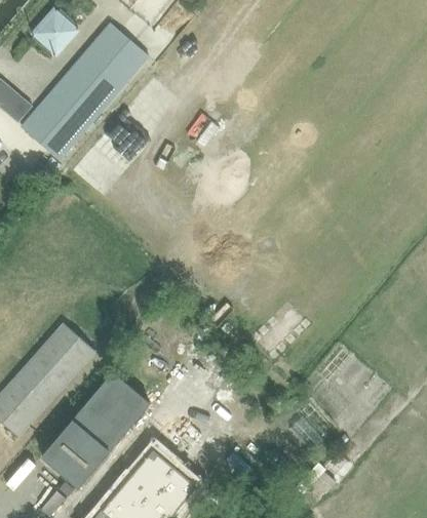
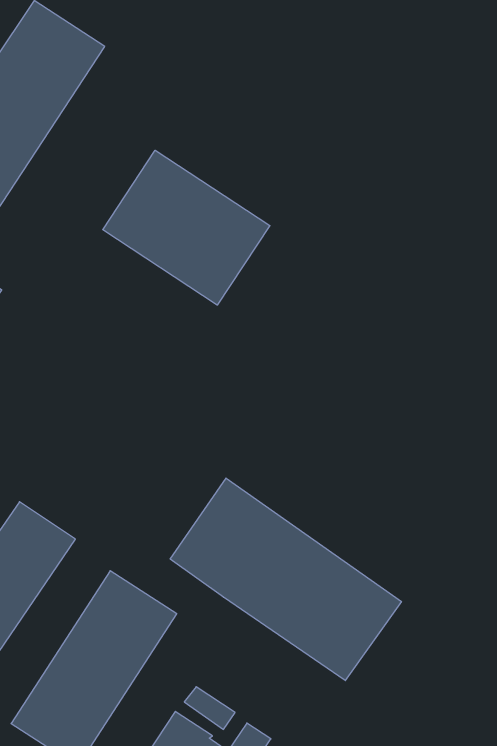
building: none -> [103,150,270,305]
building: none -> [170,478,401,681]

